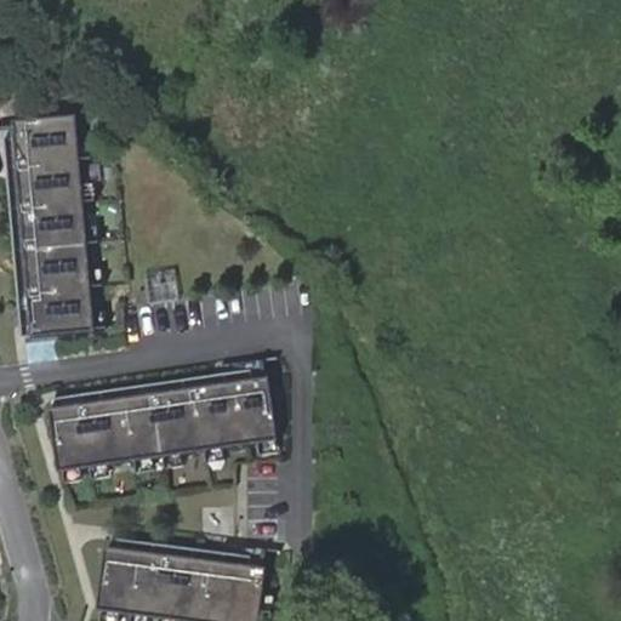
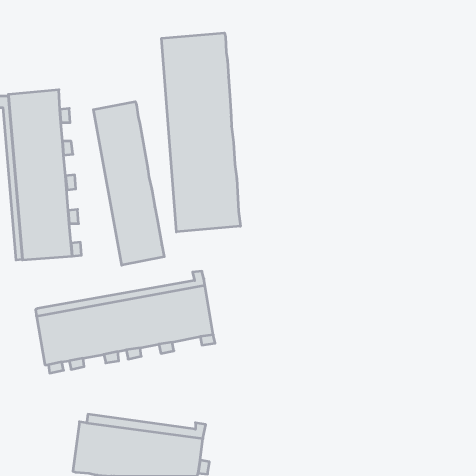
building: none -> [162,33,240,232]
building: none -> [93,102,164,265]

